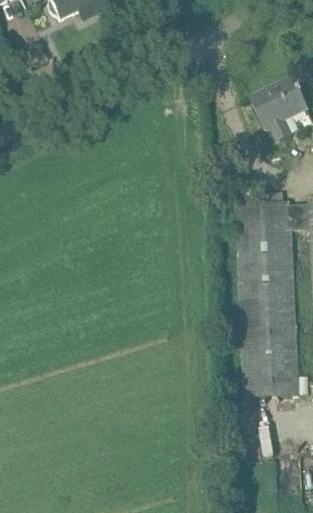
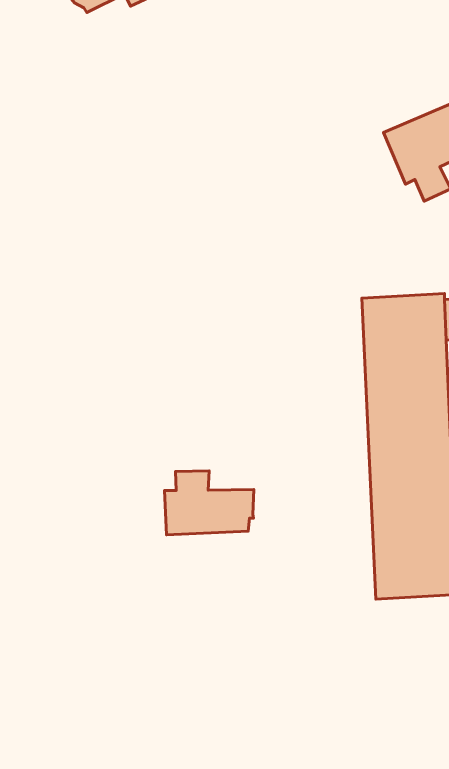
building: none -> [164,471,254,535]

